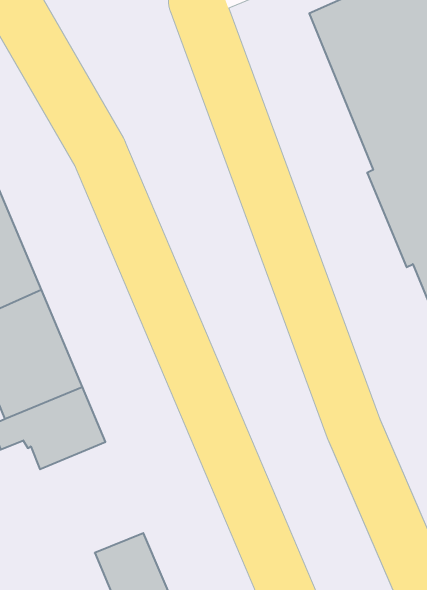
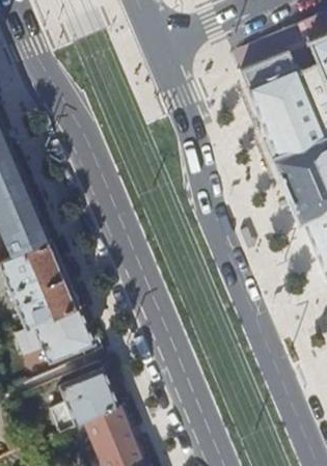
building: none -> [50,368,118,432]

